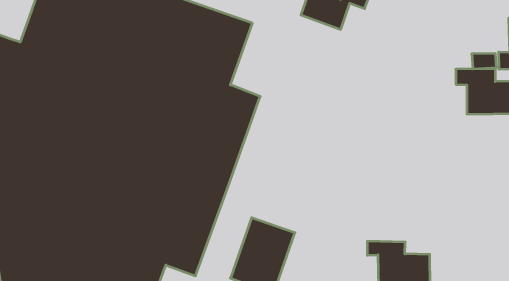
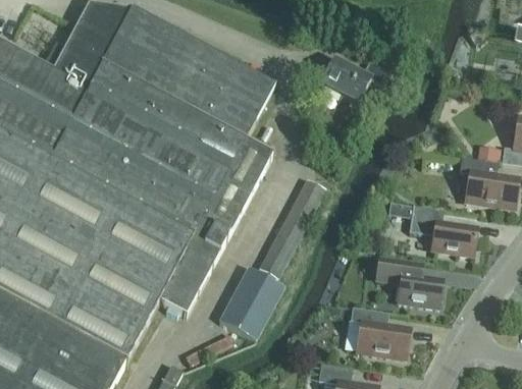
building: none -> [258,178,326,280]
building: none -> [409,205,477,255]
building: none -> [376,256,442,308]

